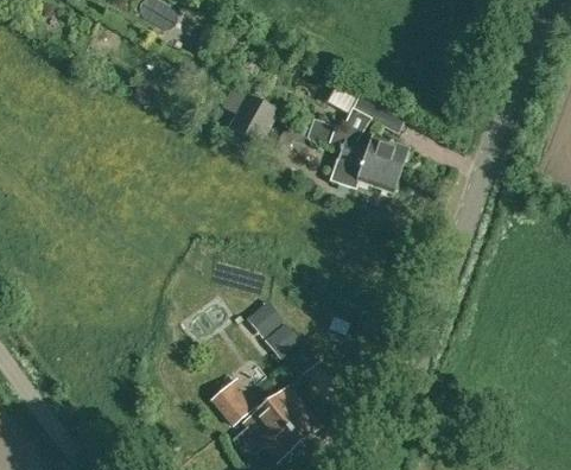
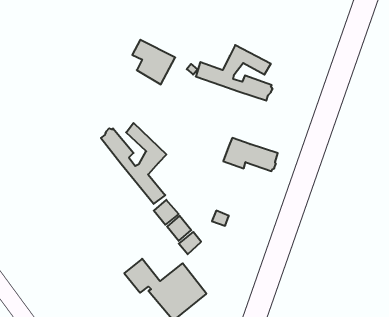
building: [328,148,400,192] -> [223,138,278,171]
building: none -> [101,123,166,204]

